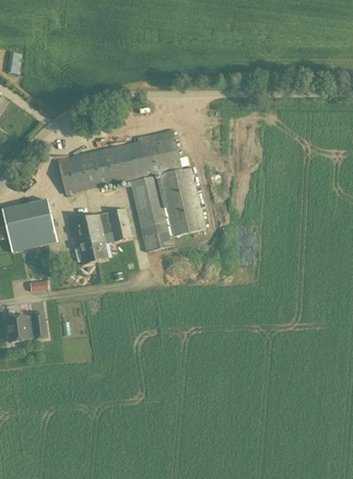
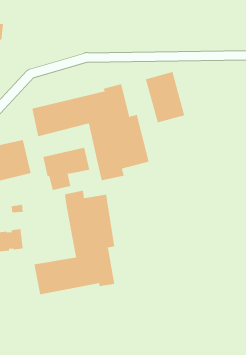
building: none -> [145,71,185,123]
building: none -> [34,190,115,295]

